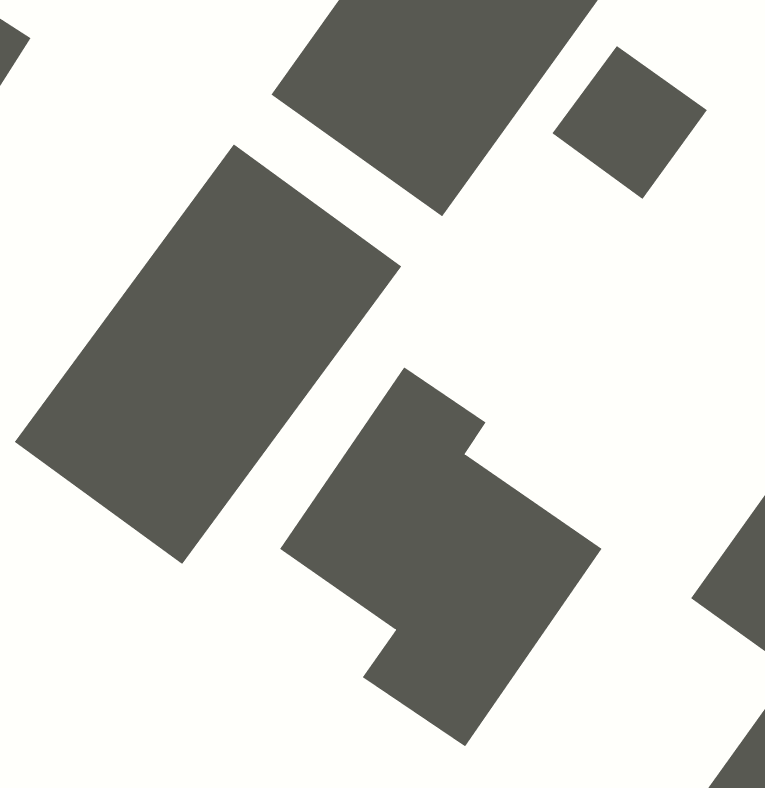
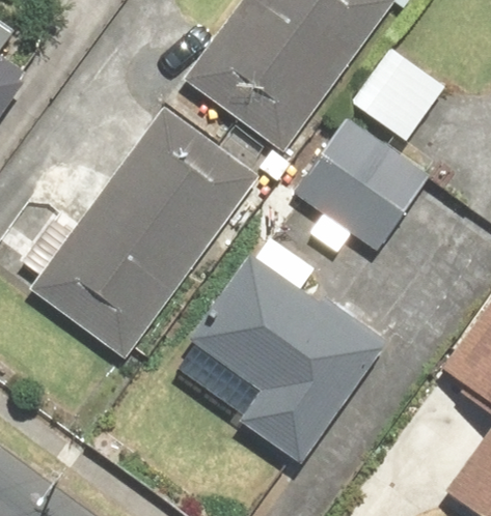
building: none -> [300,122,428,247]

